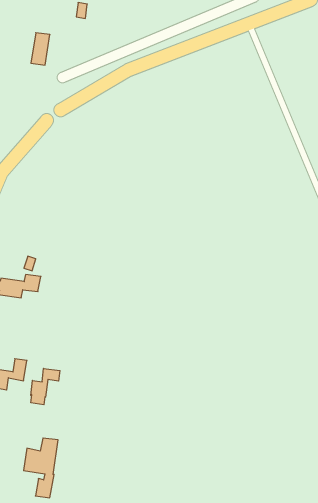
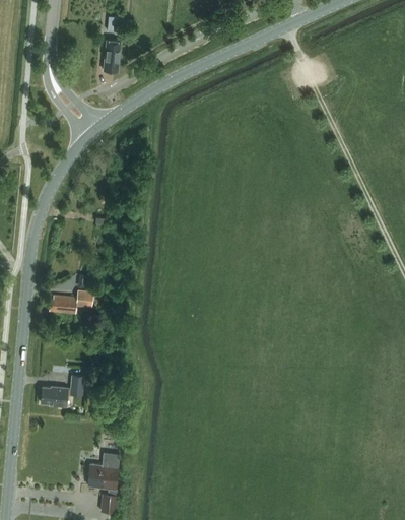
building: [31,33,50,65] -> [103,41,120,72]
building: [31,368,60,405] -> none

